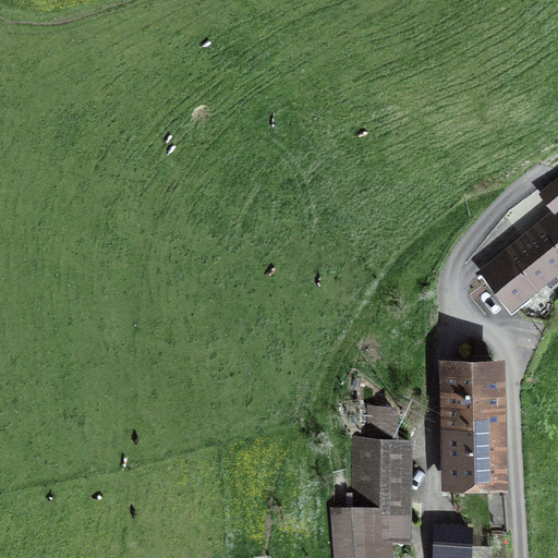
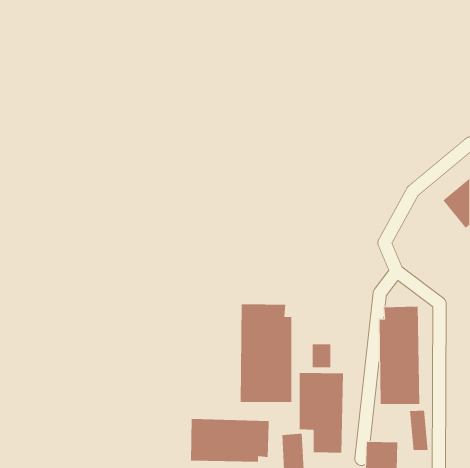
building: [485,240,551,305] -> none
building: none -> [240,304,292,403]
building: none -> [191,418,269,463]

